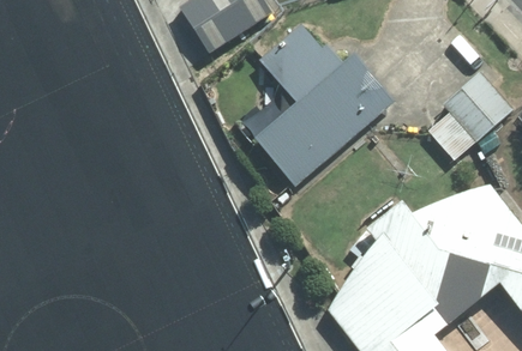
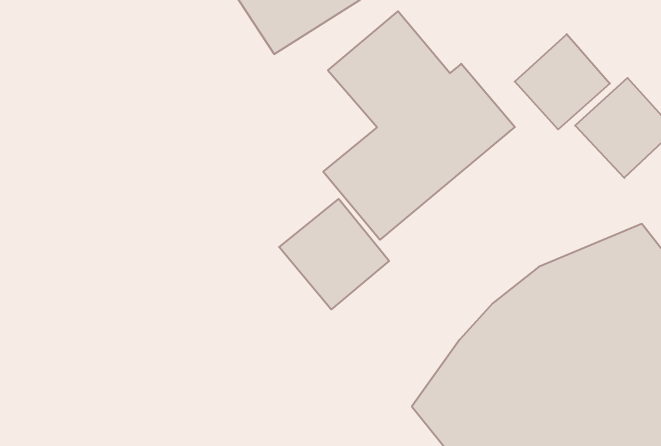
building: none -> [515,34,610,129]
building: none -> [279,199,389,309]

